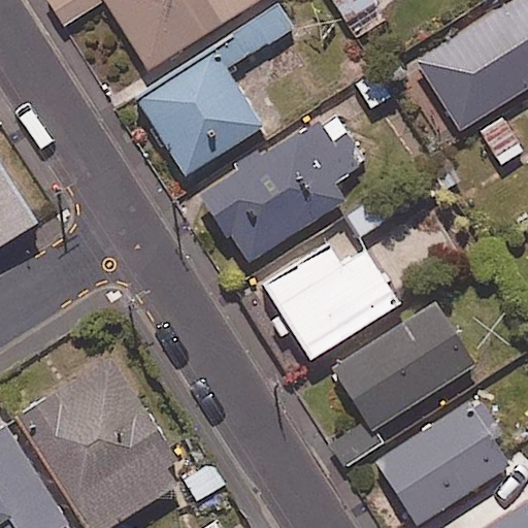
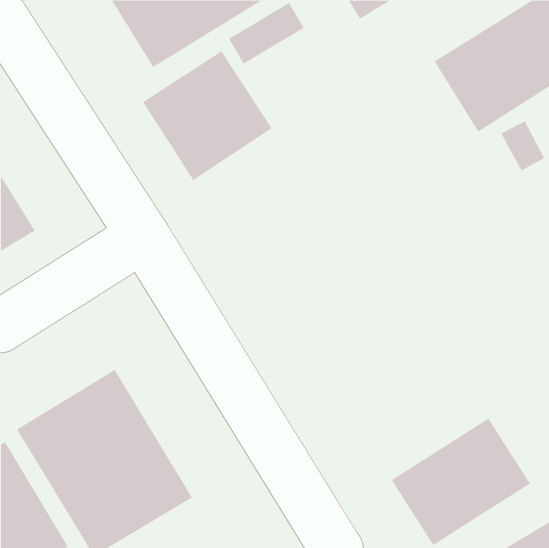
building: [199,112,363,261] -> none
building: [264,246,399,360] -> none
building: [334,303,474,429] -> none

